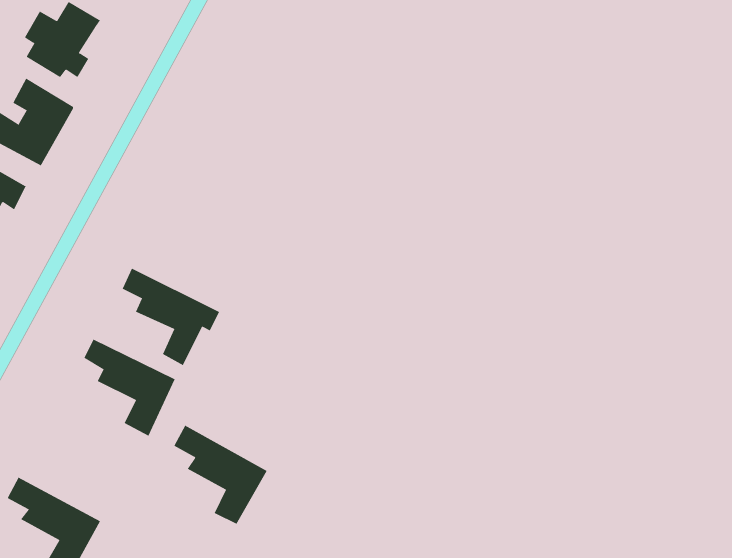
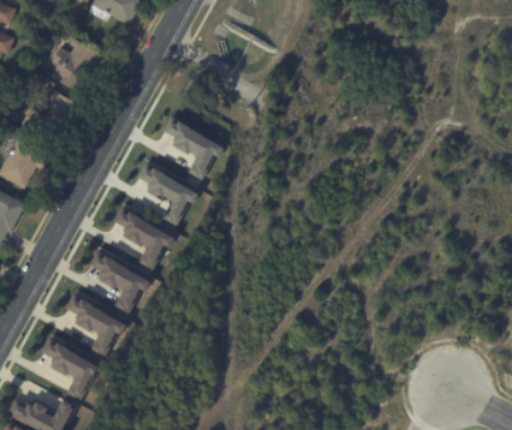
building: none -> [160,115,221,178]
building: none -> [133,163,194,225]
building: [173,425,267,525] -> [62,293,121,356]

